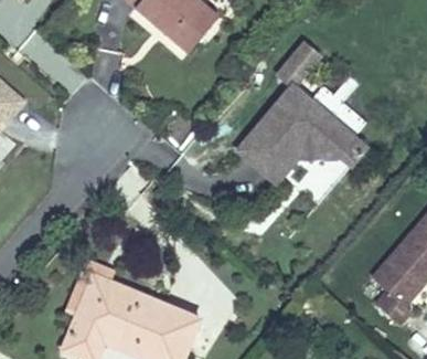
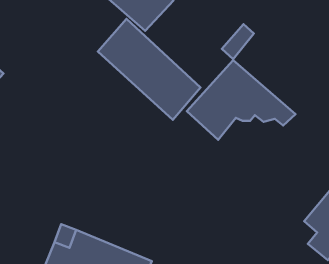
building: none -> [98,19,201,120]

